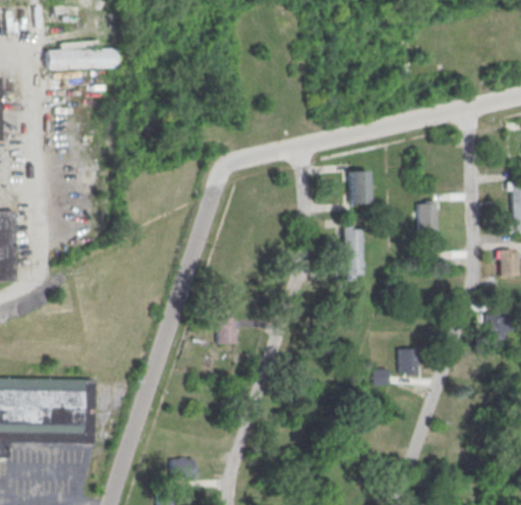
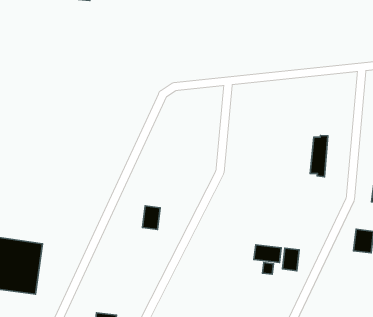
building: [351,171,368,204] -> none
building: [344,227,364,279] -> none
building: none -> [254,245,281,262]

